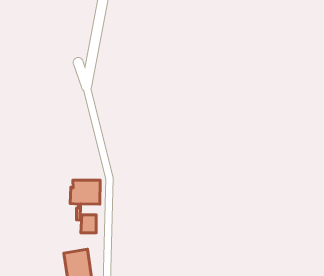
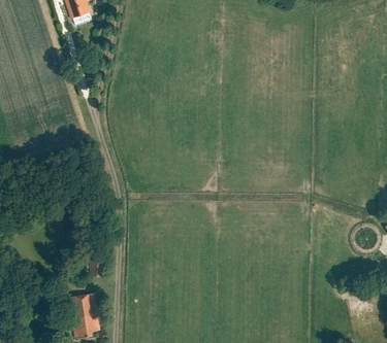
building: [70,180,100,220] -> none

